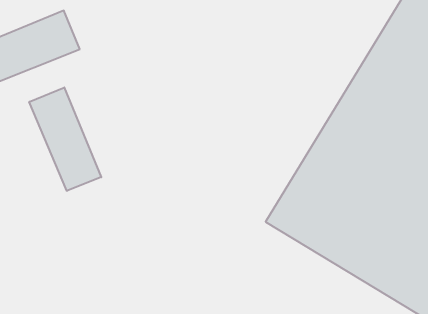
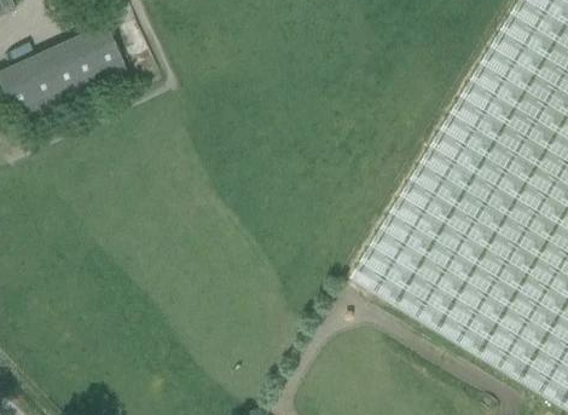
building: [29,87,101,191] -> none

